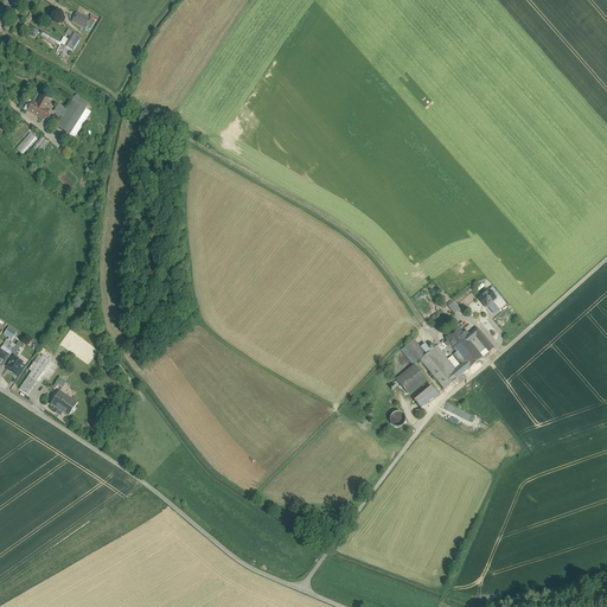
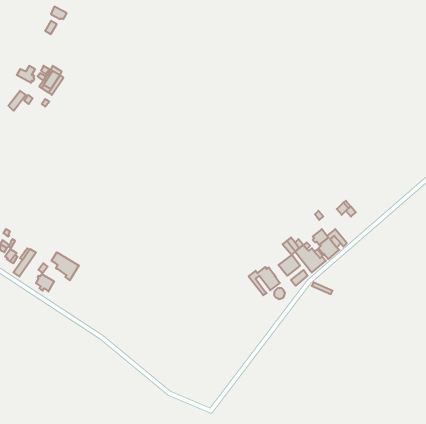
building: none -> [52,252,79,280]
building: none -> [249,267,280,295]

